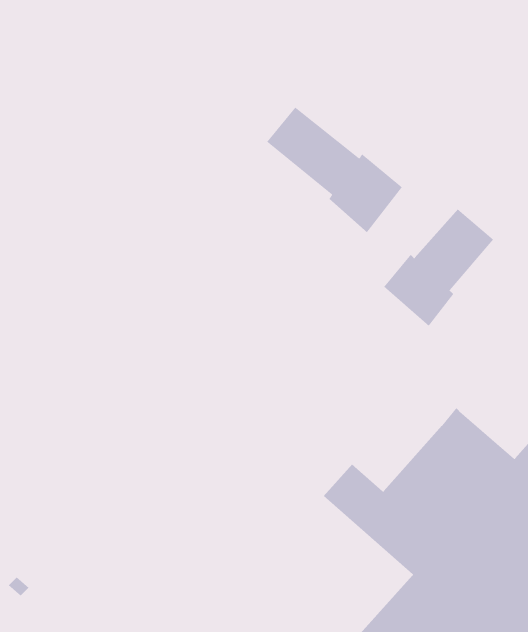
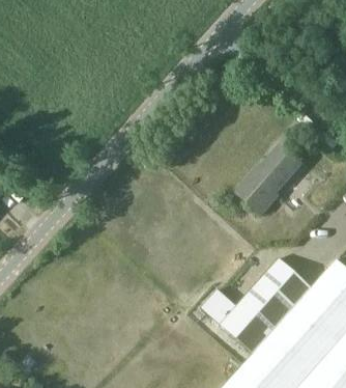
building: [266,106,403,233] -> none

